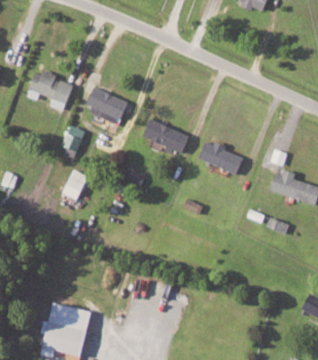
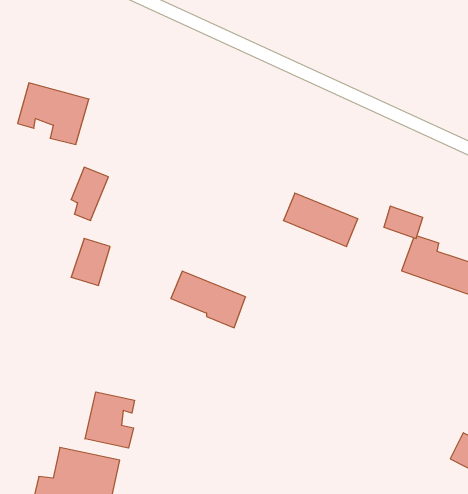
building: [84,87,127,123] -> none
building: [141,118,188,154] -> [171,271,246,328]
building: none -> [85,392,134,448]

